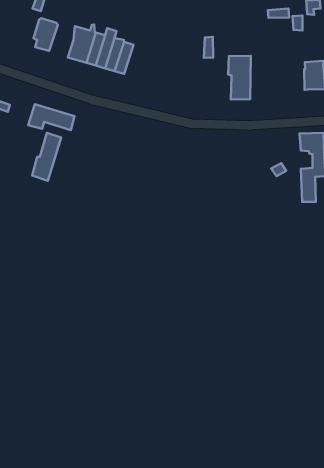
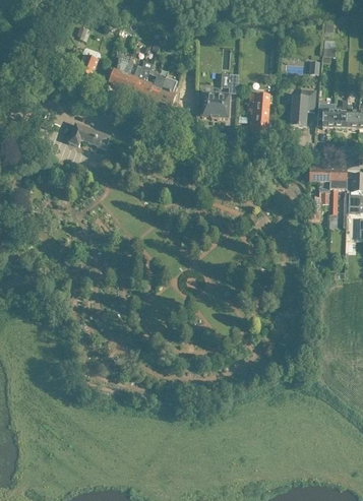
building: none -> [157,75,178,106]
building: none -> [286,87,315,127]
building: none -> [202,90,229,118]
building: [32,133,61,181] -> none

